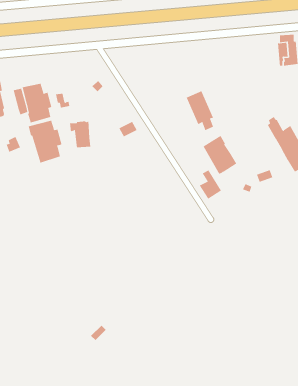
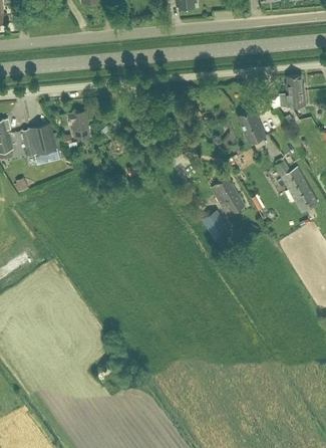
building: [186,91,214,131] -> [237,108,265,149]
building: [28,120,62,163] -> none
building: [69,121,91,148] -> [66,110,88,138]

